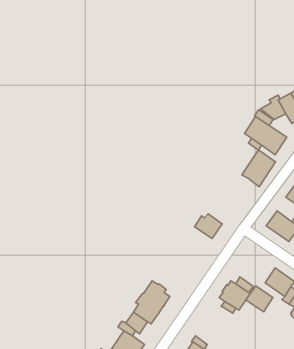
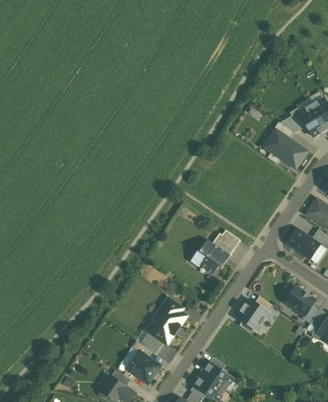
building: [242,150,276,187] -> none
building: none -> [189,239,229,276]
building: [246,286,273,312] -> none

